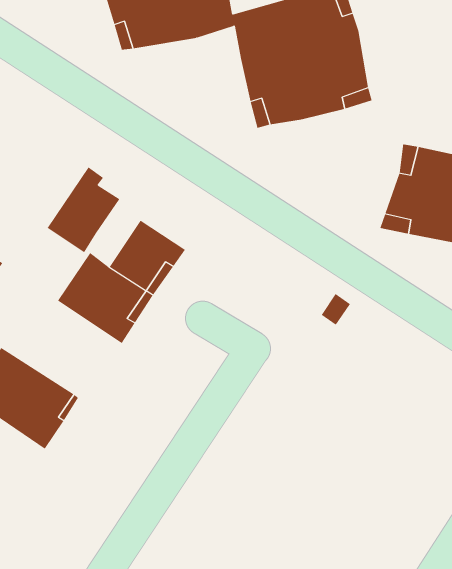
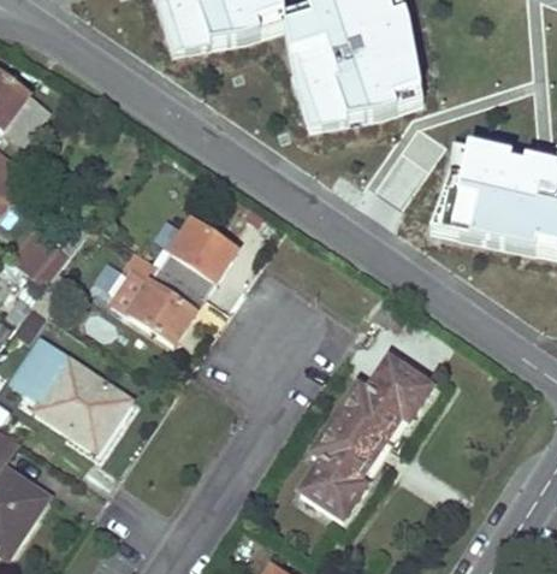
building: [47,167,120,253] -> none
building: none -> [301,359,432,520]

